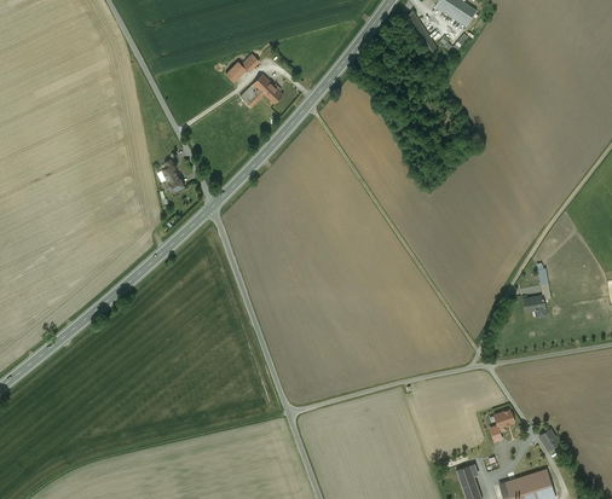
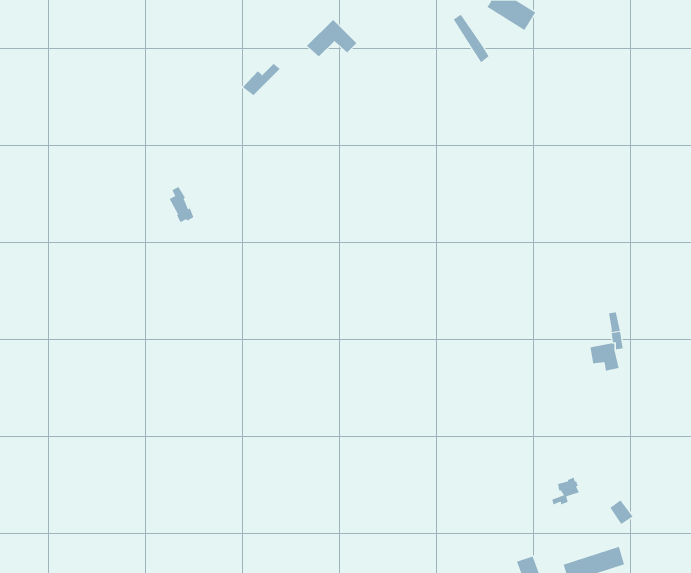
building: [239,75,283,108] -> [306,19,357,57]

